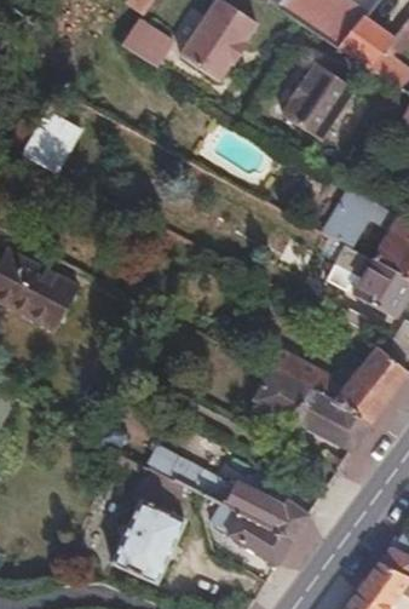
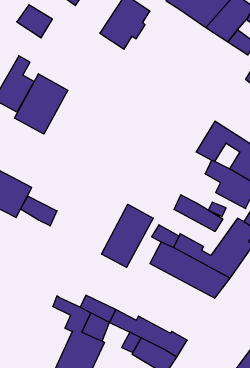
building: [122,18,175,68] -> [17,5,52,38]
building: [281,62,355,140] -> none
building: none -> [15,74,68,134]
building: none -> [174,195,223,231]
building: none -> [21,196,57,226]
building: none -> [102,204,153,267]

